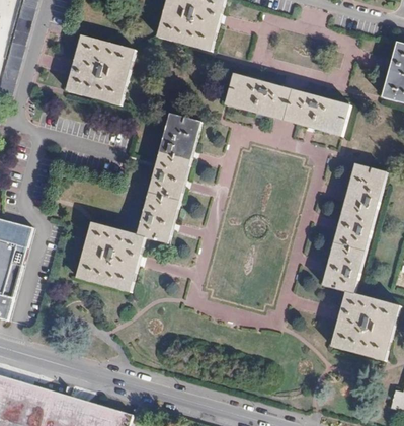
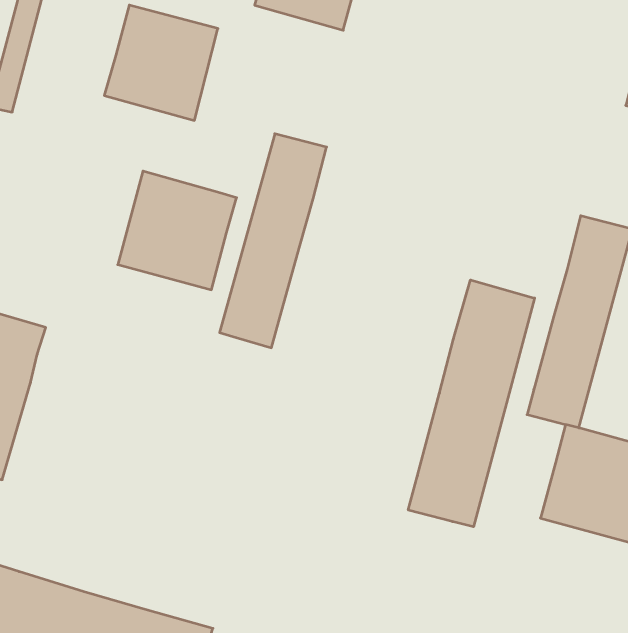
building: [225,73,349,136] -> none
building: none -> [408,280,535,527]
building: [74,221,146,293] -> [118,171,237,290]

